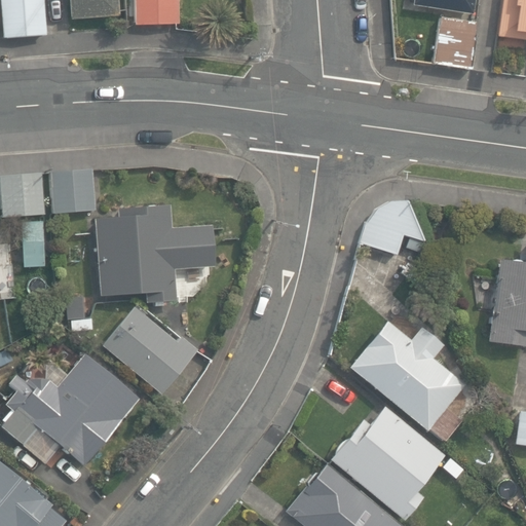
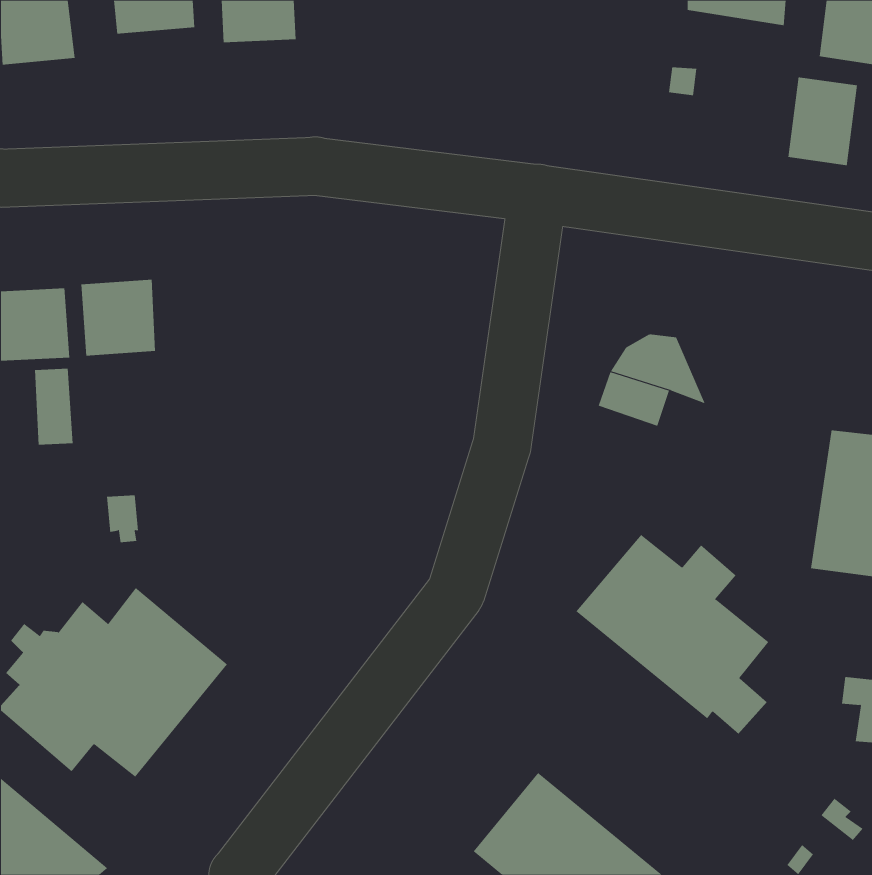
building: [435,16,477,70] -> [788,77,858,166]
building: [96,206,217,303] -> none
building: [102,305,198,394] -> none
building: [330,406,444,521] -> none

